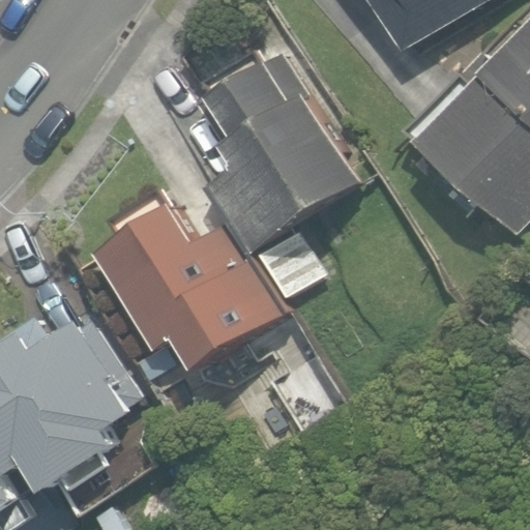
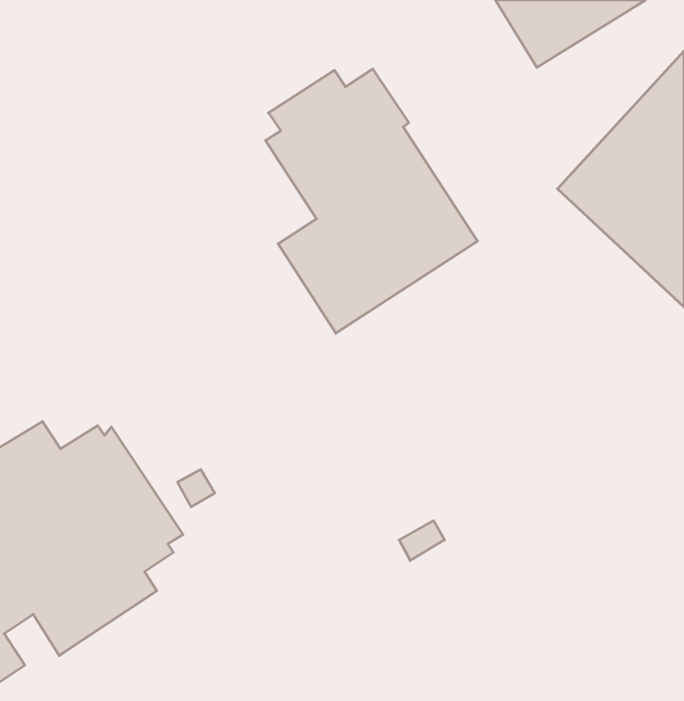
building: [93,189,284,371] -> none

